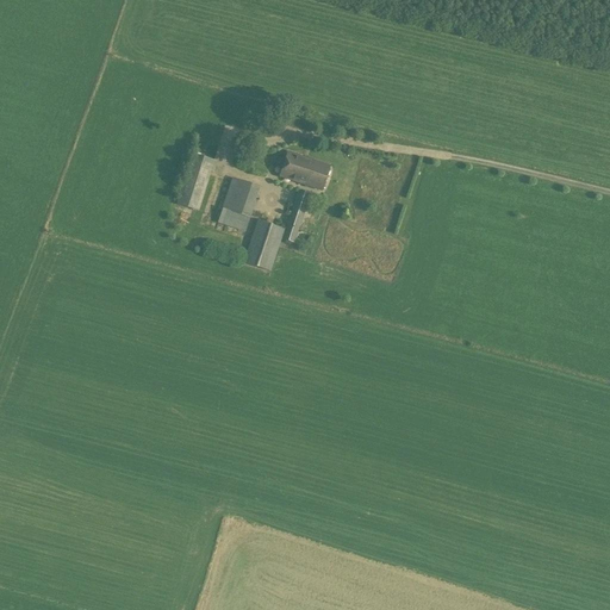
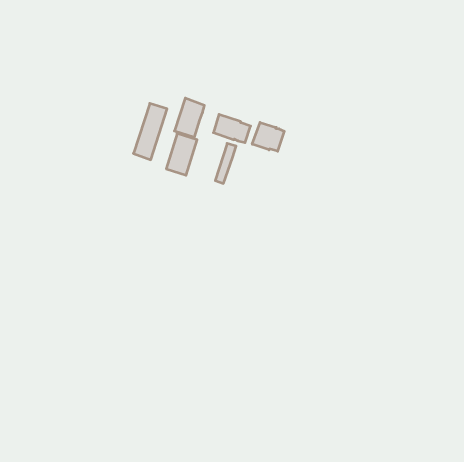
building: none -> [252,122,284,151]
building: [243,218,282,269] -> [174,98,204,137]

